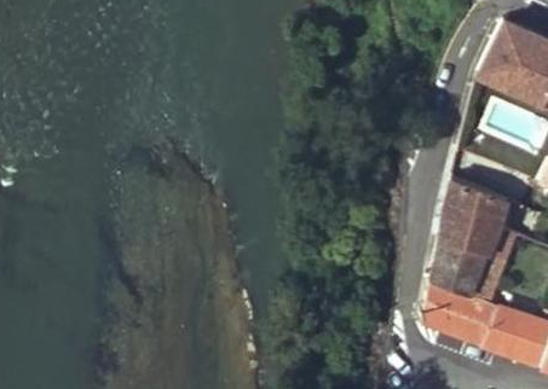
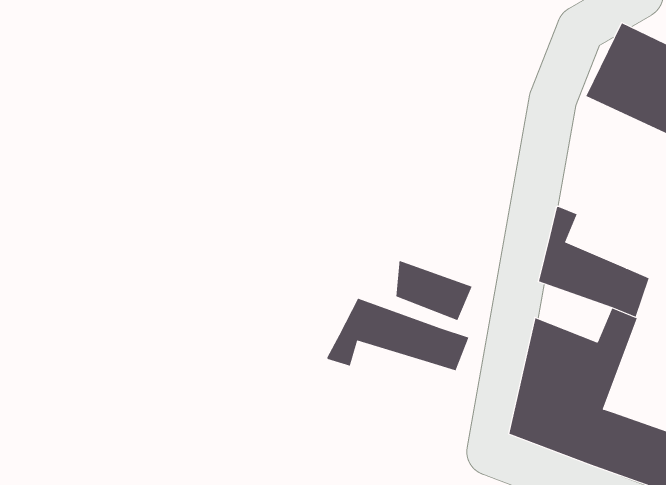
building: [440,211,497,256] -> [396,260,473,321]
building: none -> [327,298,469,371]

